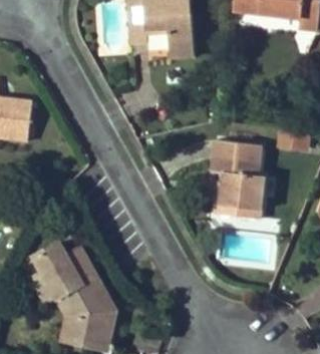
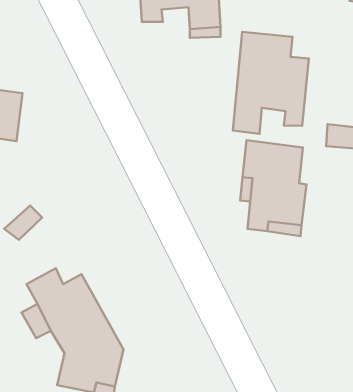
building: none -> [233,32,309,134]

